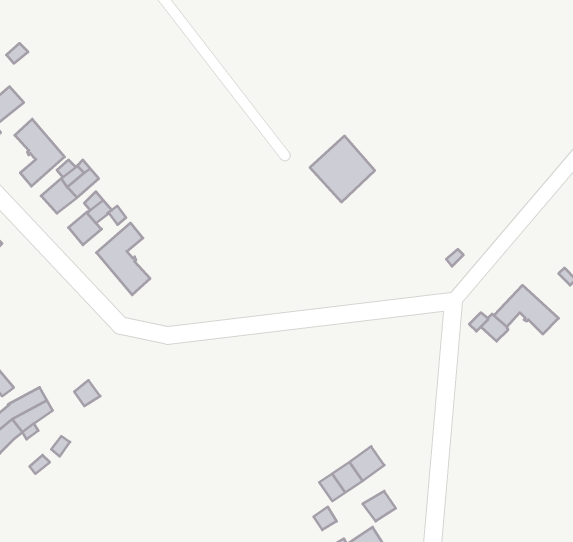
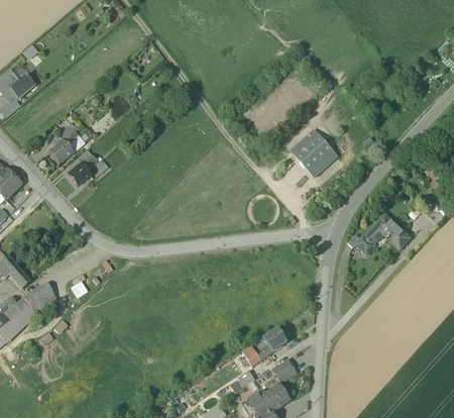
building: [15,119,65,186] -> none
building: [310,136,375,202] -> [291,128,336,175]
building: [96,223,150,295] -> none

